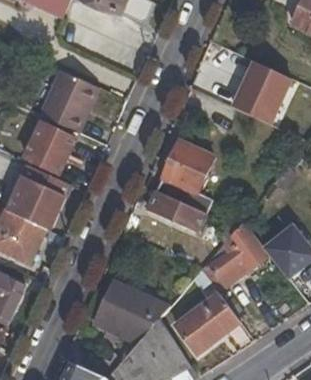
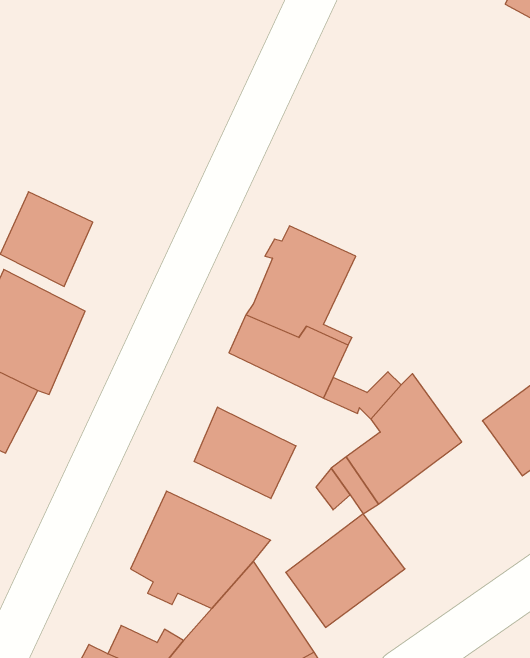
building: [232,62,290,123] -> none
building: [38,69,96,133] -> none
building: none -> [194,407,296,499]

